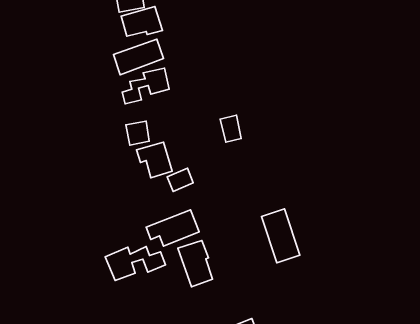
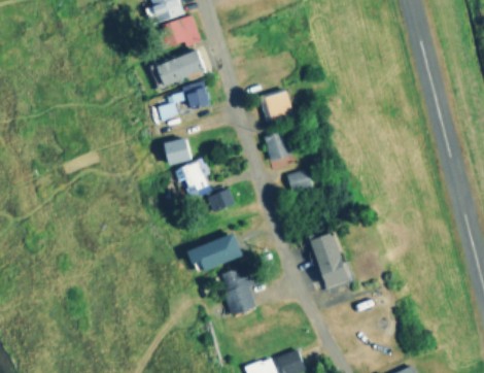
building: none -> [261,92,295,122]
building: none -> [288,169,312,191]
building: [105,247,166,281] -> none

